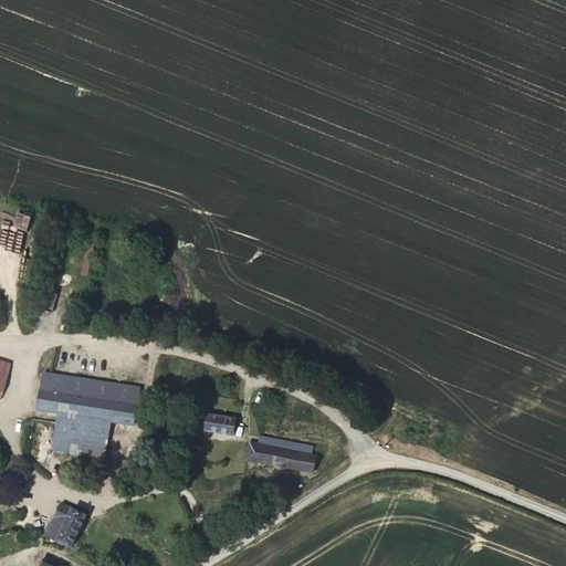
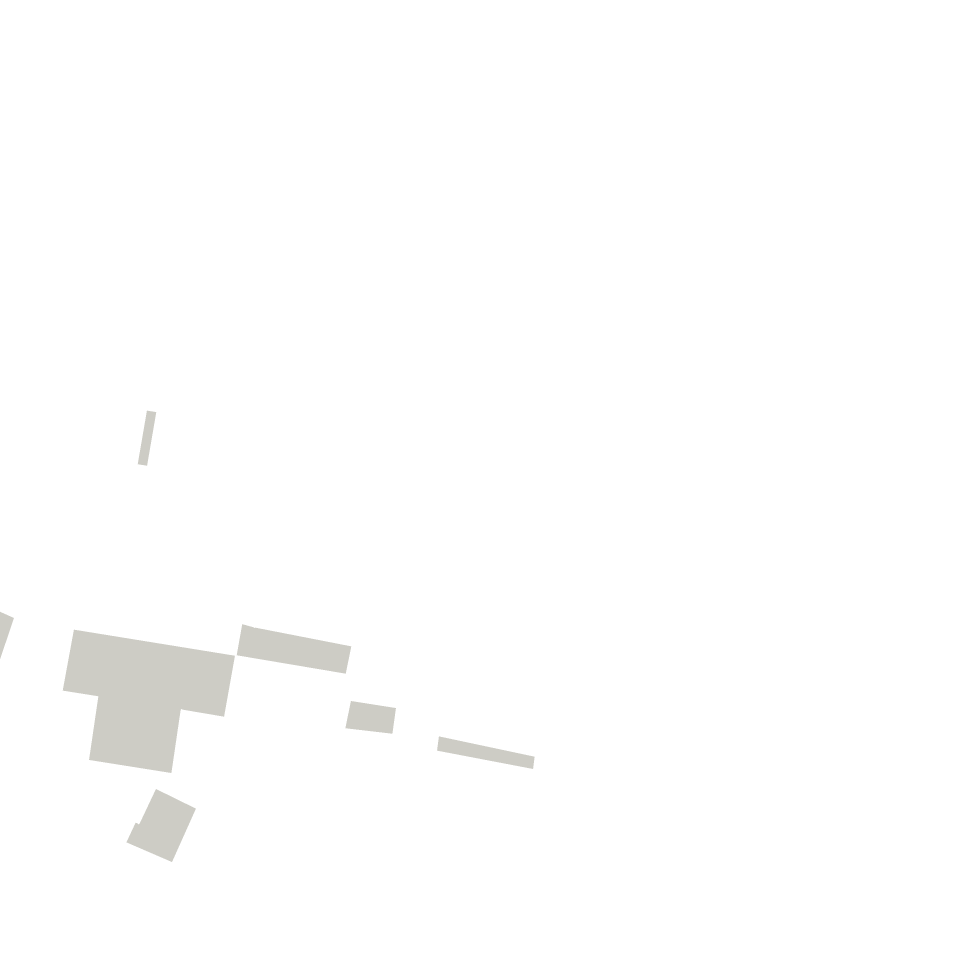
building: [247,441,315,471] -> [236,624,352,674]
building: [43,502,85,546] -> [126,788,197,863]

